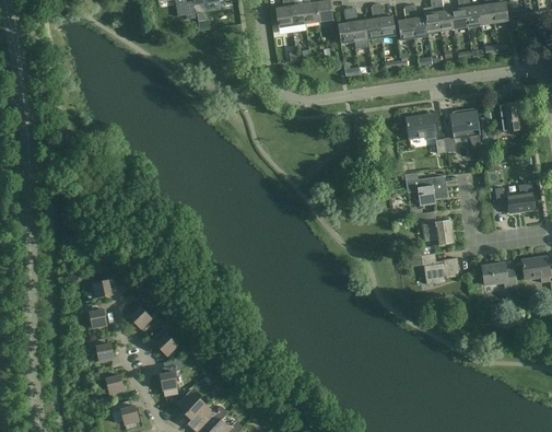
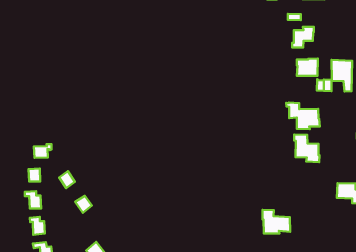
building: none -> [292,27,314,48]
building: [421,253,460,284] -> [262,210,290,234]
building: [160,359,183,389] -> none

